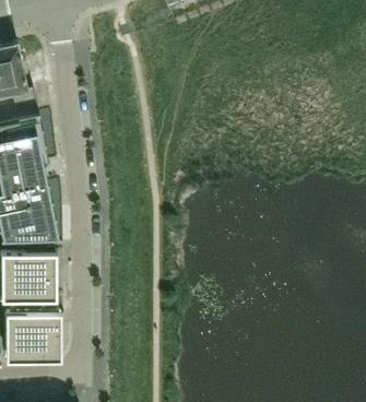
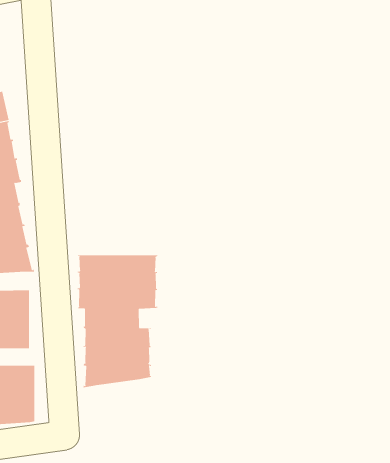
building: none -> [77,254,158,388]

